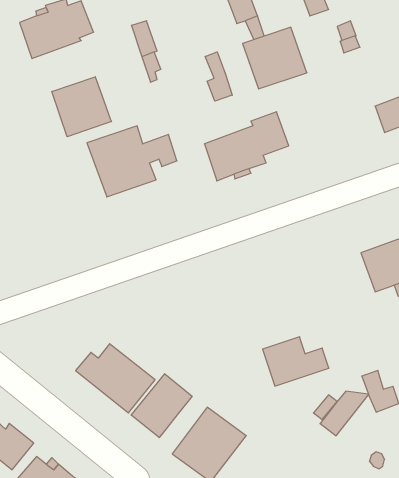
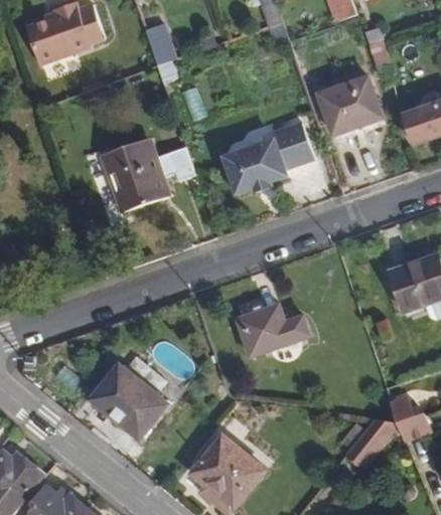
building: [243,27,307,89] -> [314,76,383,142]
building: [205,52,232,101] -> none
building: [52,77,111,137] -> none
building: [263,337,329,386] -> [238,304,308,356]
building: [131,374,192,438] -> none

